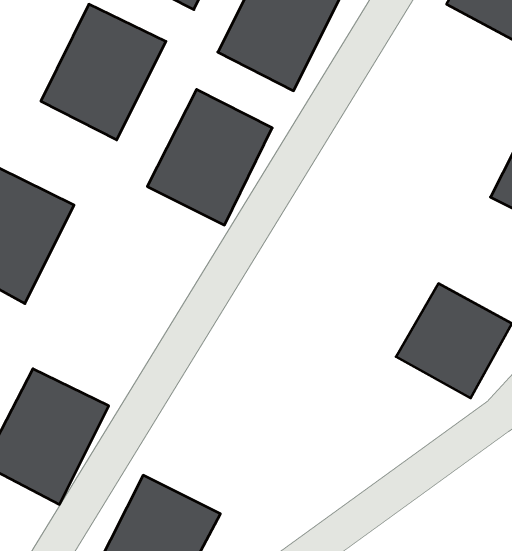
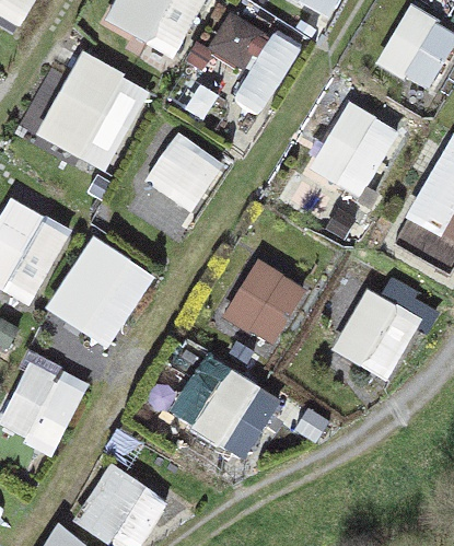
building: none -> [299,91,403,202]
building: none -> [57,243,161,355]
building: none -> [218,251,312,346]
building: none -> [164,350,277,456]

